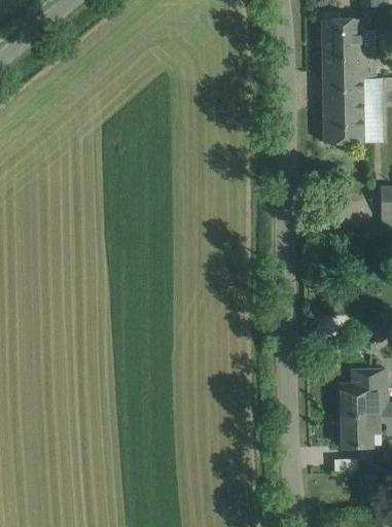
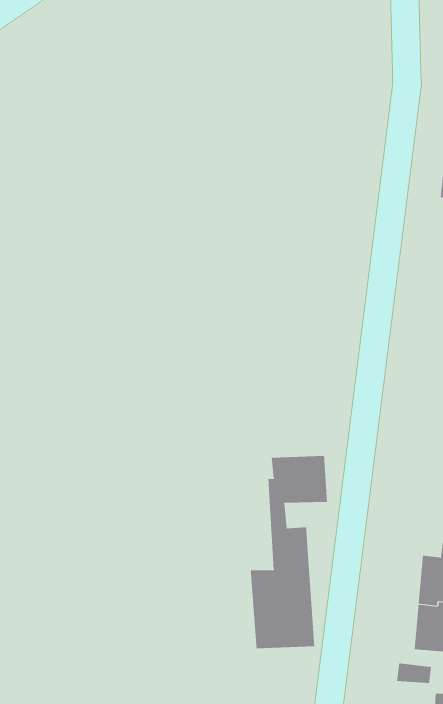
building: none -> [250,455,328,649]

